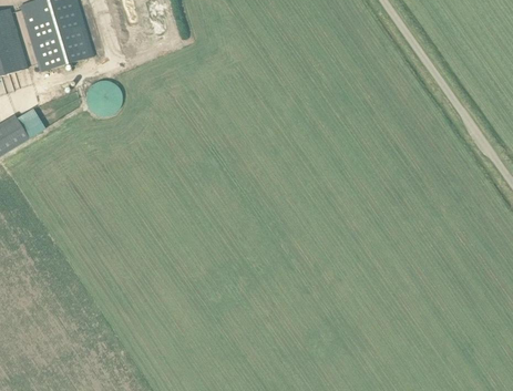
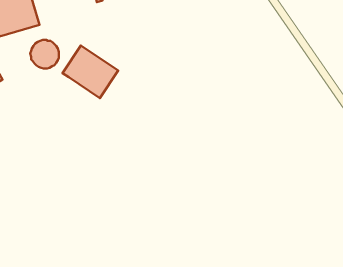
building: none -> [63,46,118,98]

